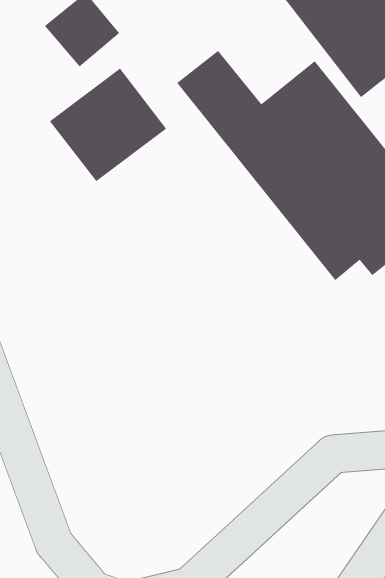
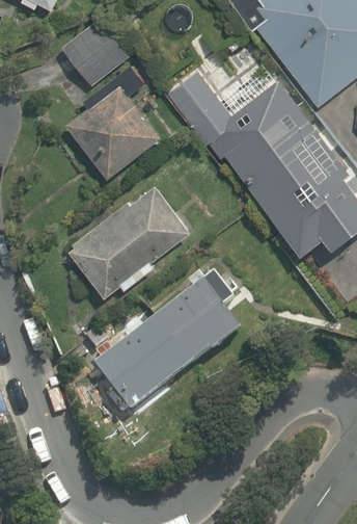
building: none -> [62,181,193,303]
building: none -> [92,267,239,420]

